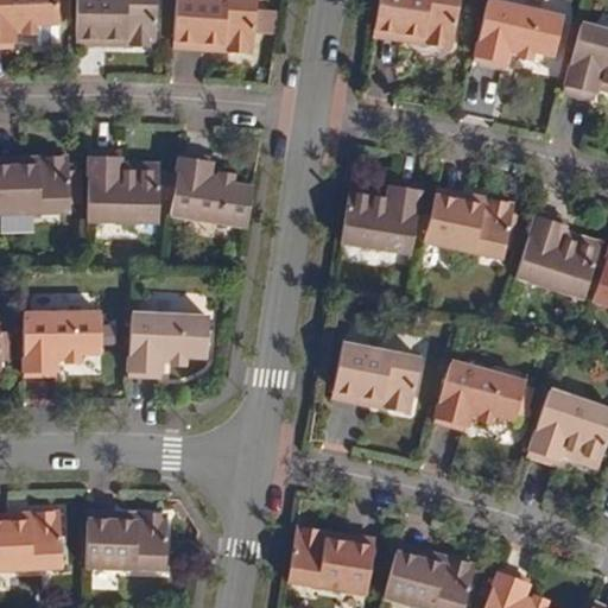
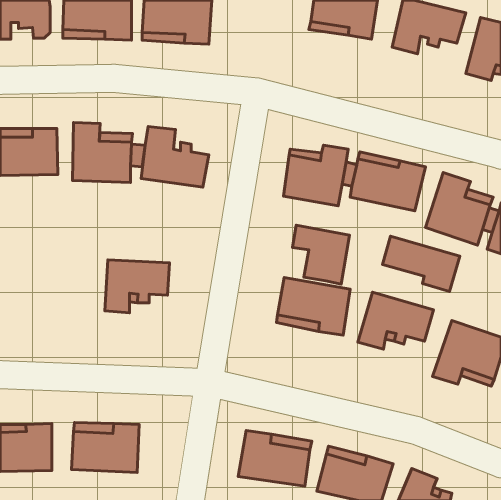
building: none -> [292,225,350,284]
building: none -> [383,236,460,291]
building: [23,312,100,378] -> none

